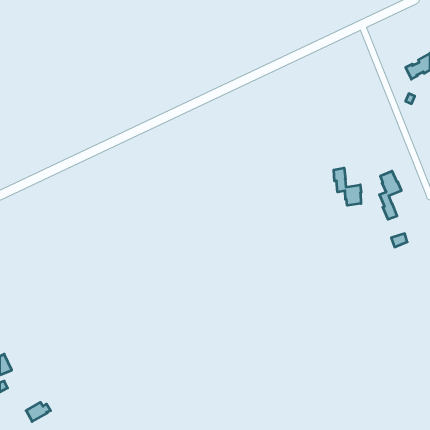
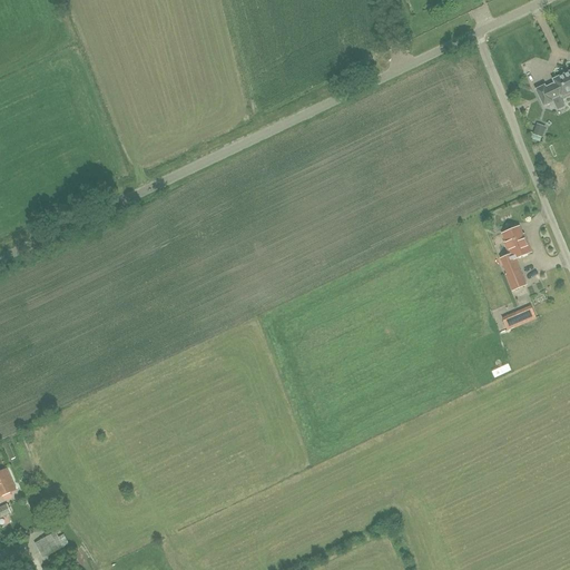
building: [334,168,361,205] -> none

